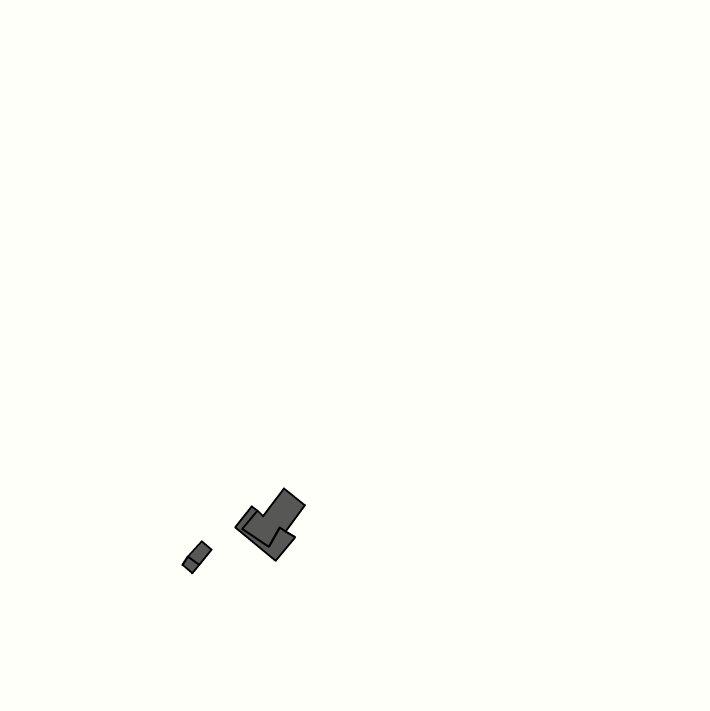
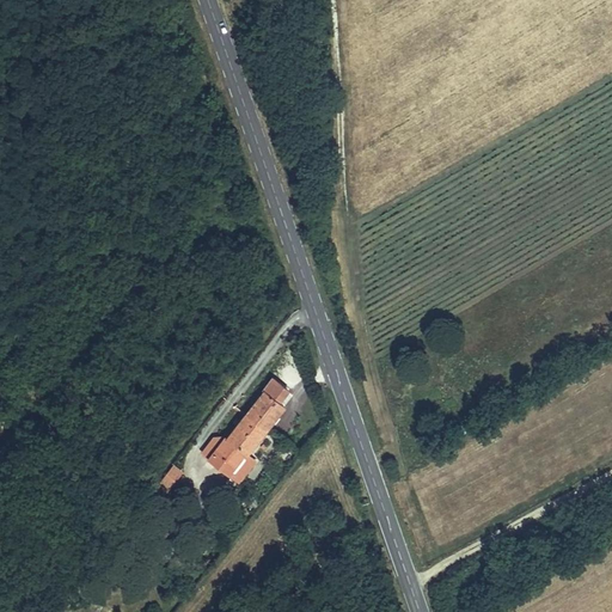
building: none -> [244,382,286,434]

